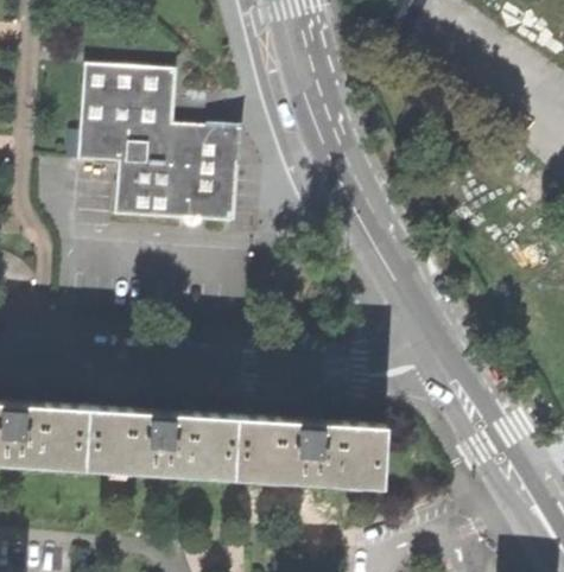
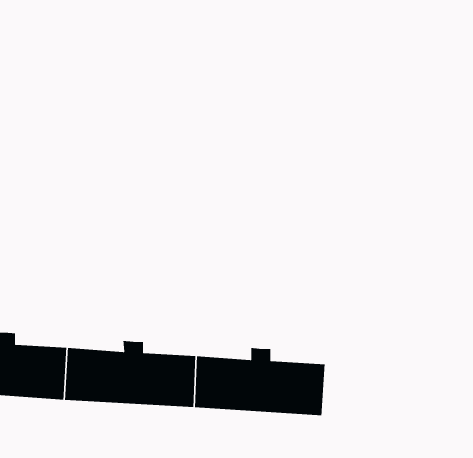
building: [80,71,229,224] -> none

